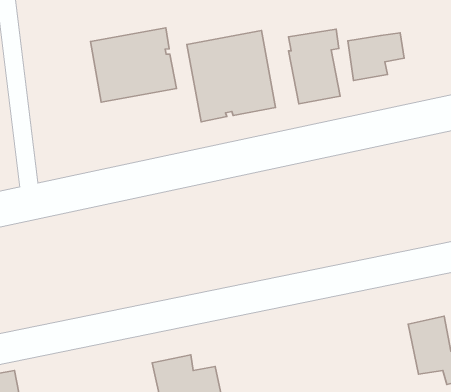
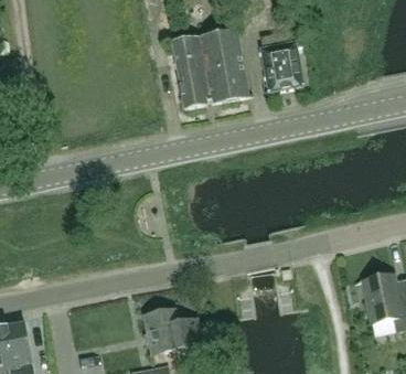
building: [91,28,176,102] -> none
building: [348,33,404,80] -> none

